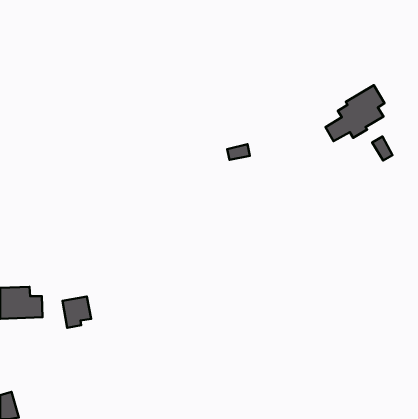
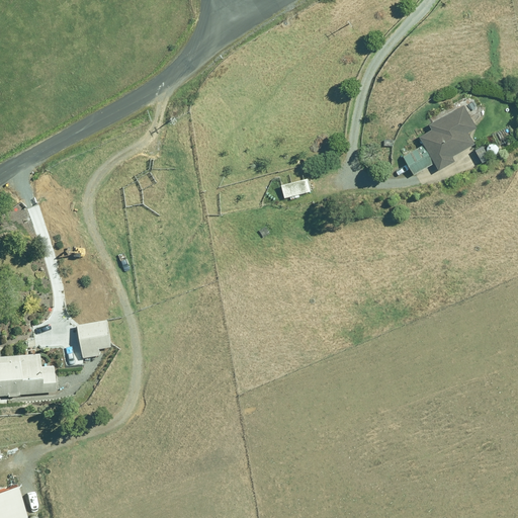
building: [372,137,393,160] -> none
building: [62,297,91,328] -> [76,319,111,357]

